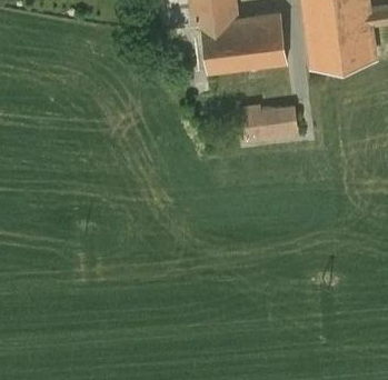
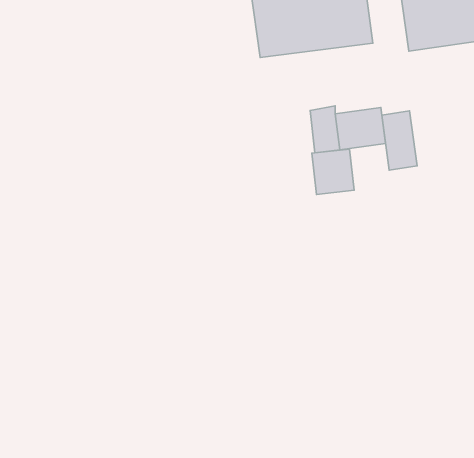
building: none -> [382,111,417,170]
building: none -> [312,149,354,194]

